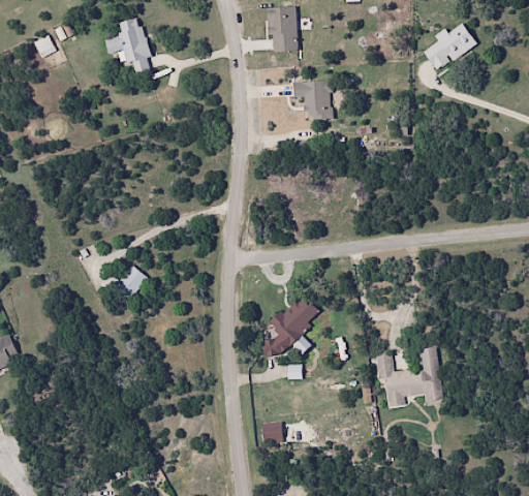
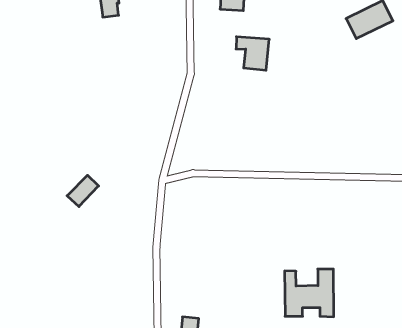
building: [259,293,318,361] -> none

